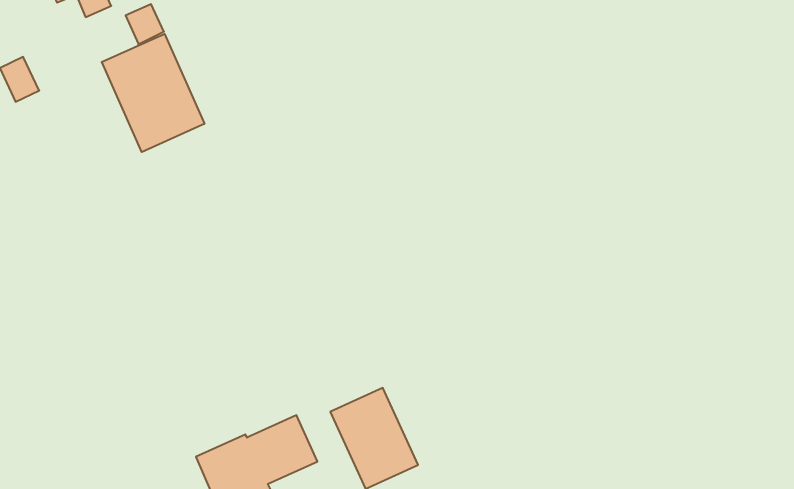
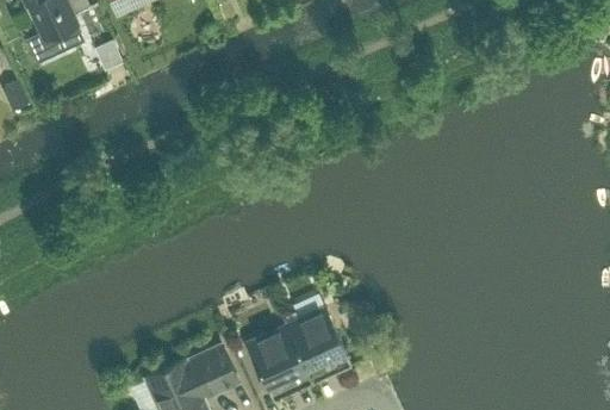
building: [102,34,204,152] -> none
building: none -> [282,310,350,384]

